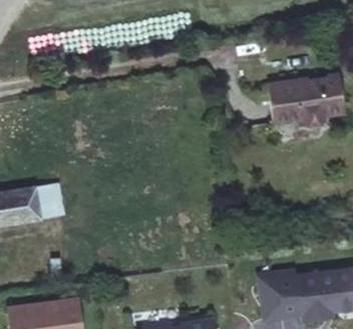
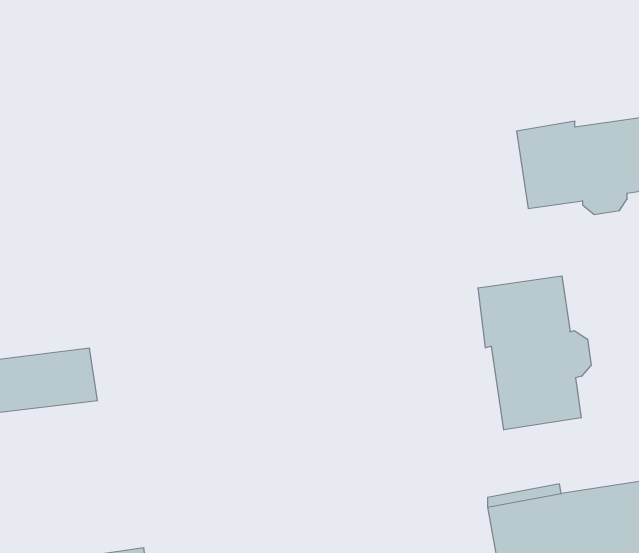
building: none -> [478,276,591,430]

